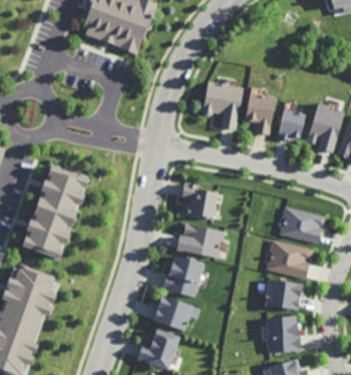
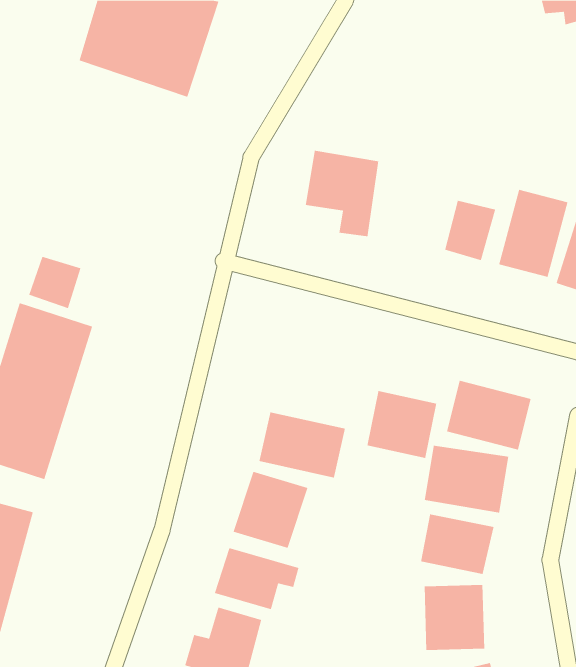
building: [245,93,275,134] -> none
building: none -> [28,256,82,309]
building: [180,183,218,221] -> [367,390,437,459]

